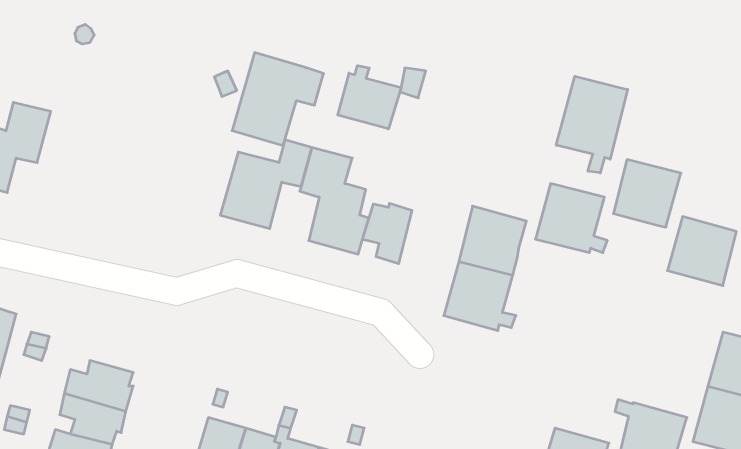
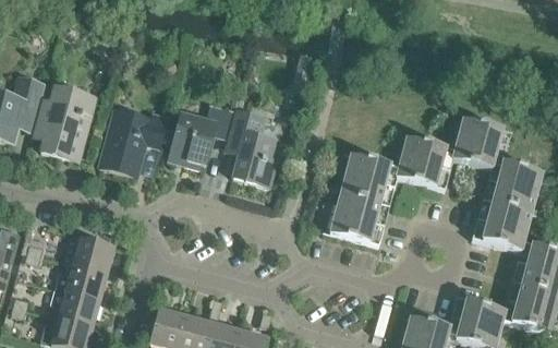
building: [232,53,324,146] -> [98,109,165,177]
building: [338,66,401,129] -> none
building: [556,76,628,173] -> none
building: none -> [35,86,94,159]
building: [363,203,412,264] -> none
building: none -> [473,200,533,250]
building: none -> [62,236,114,274]

